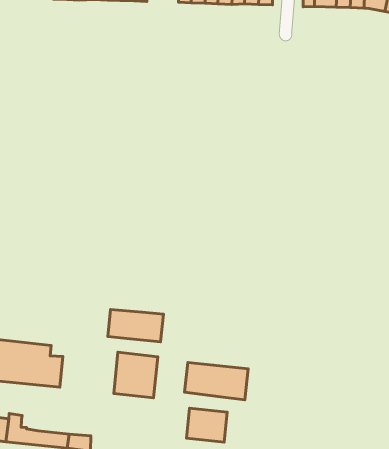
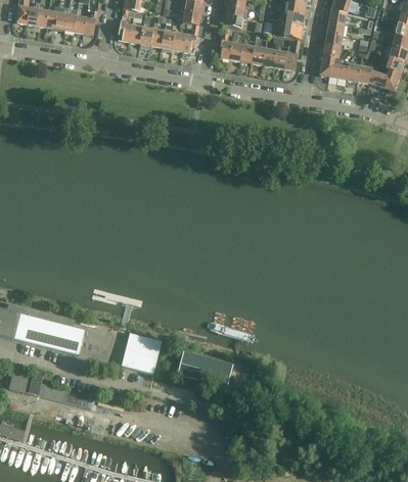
building: [108,310,164,342] -> none
building: [187,408,227,442] -> none

